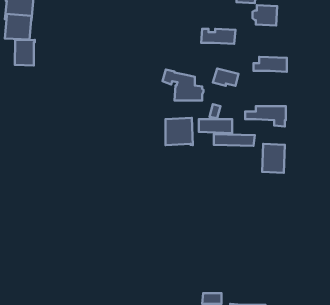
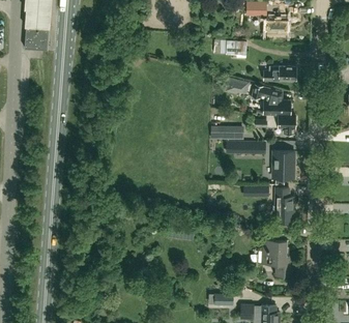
building: [15,40,35,66] -> none
building: [163,69,203,101] -> [252,85,291,115]
building: [166,118,193,145] -> none
building: none -> [275,188,294,223]
building: none -> [262,240,293,276]

